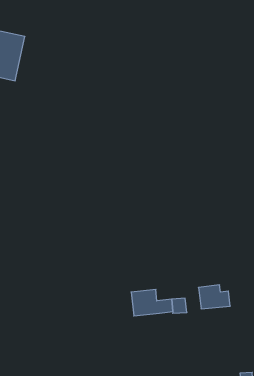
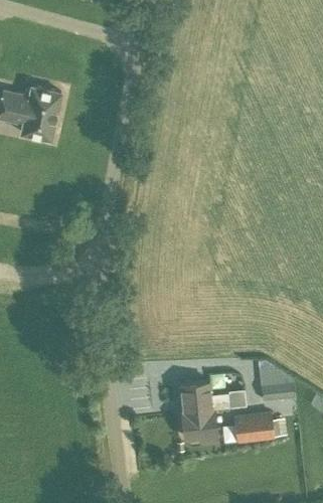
building: none -> [182,406,217,441]
building: none -> [231,411,273,443]

